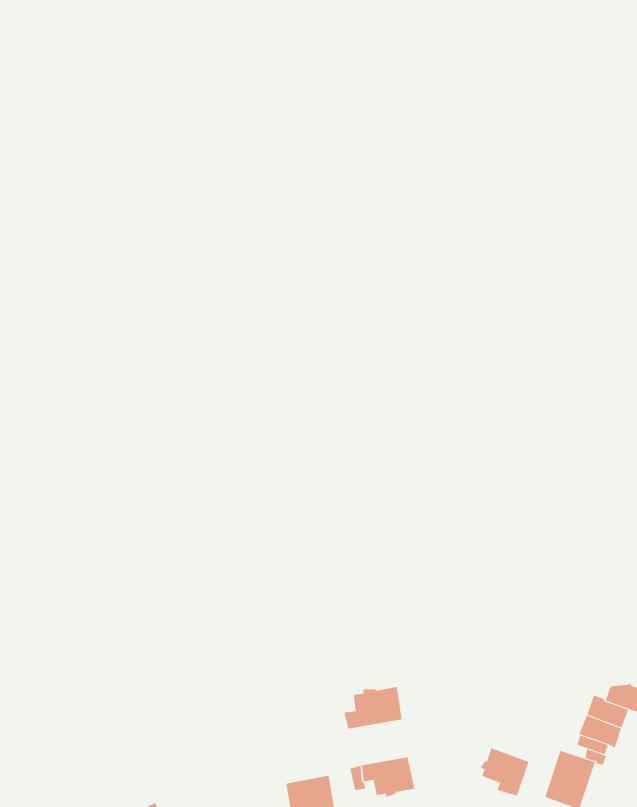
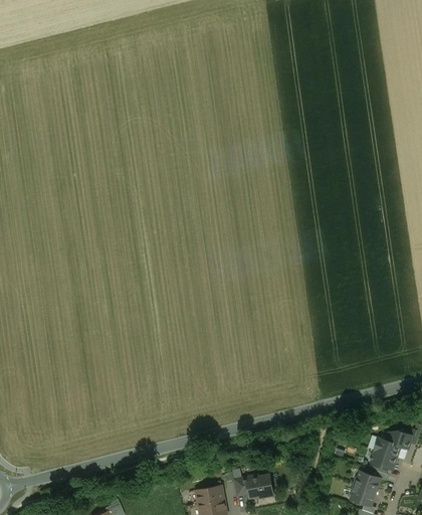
building: [344,686,402,730] -> none
building: [480,748,529,796] -> none

